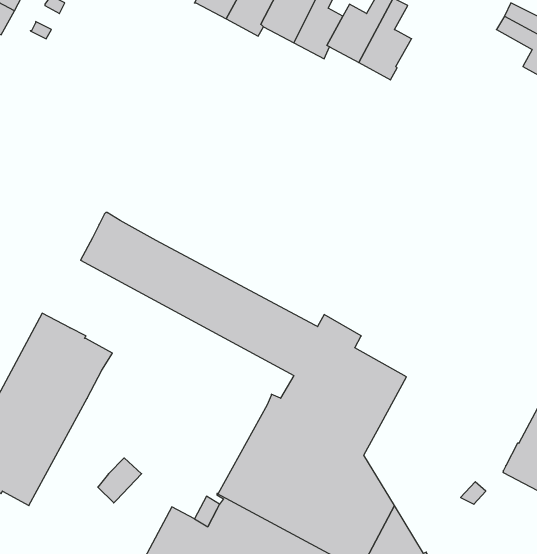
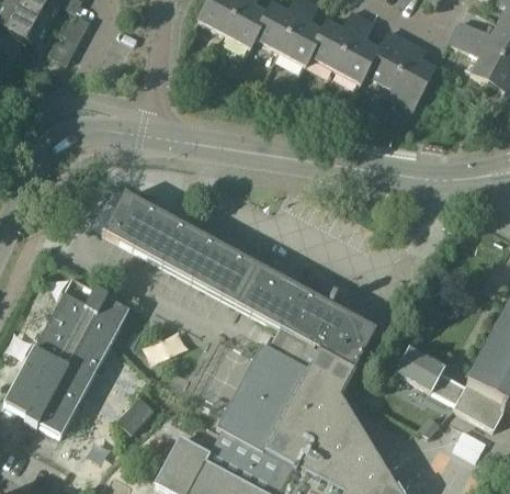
building: none -> [365,30,435,100]
building: none -> [396,347,466,403]

